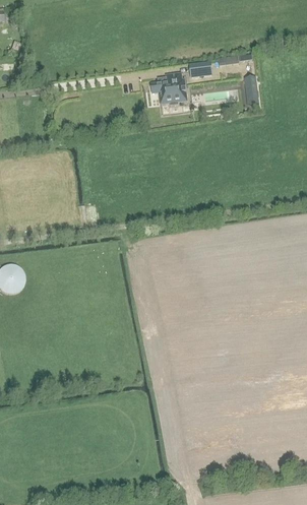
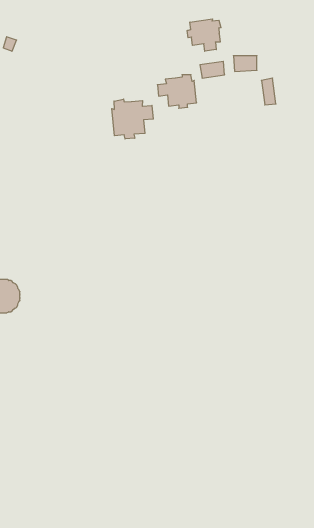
building: none -> [187,19,221,51]
building: none -> [112,99,153,139]

